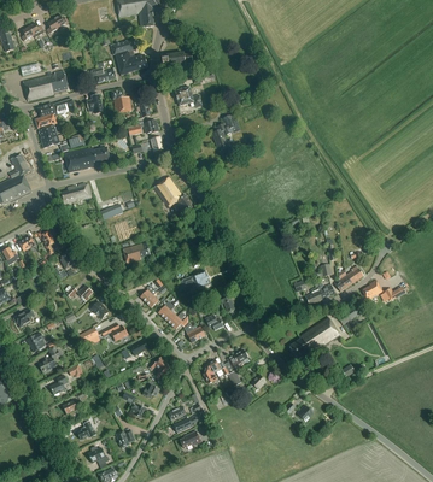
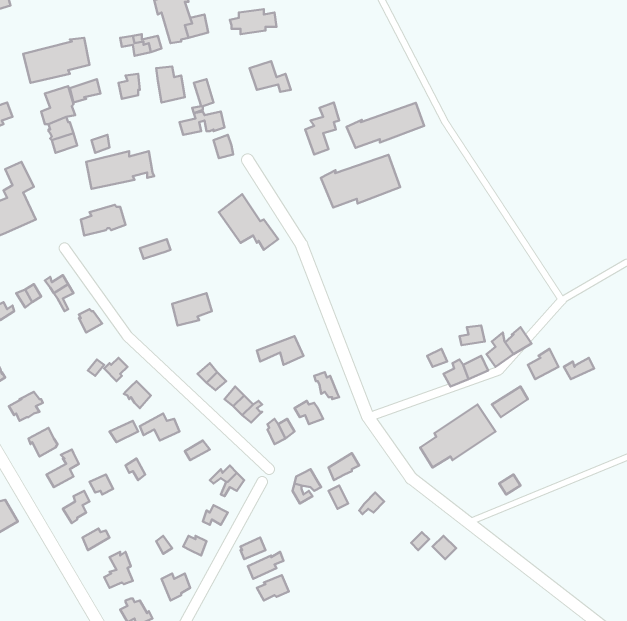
building: none -> [346,103,424,148]
building: none -> [321,155,400,207]

